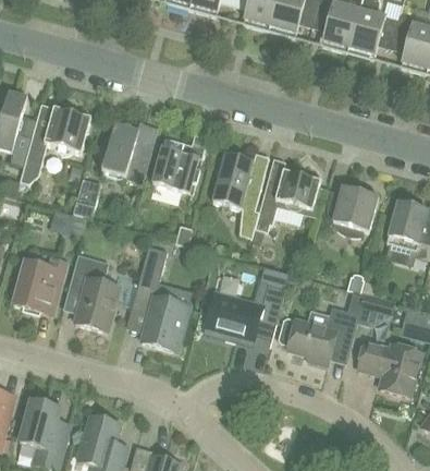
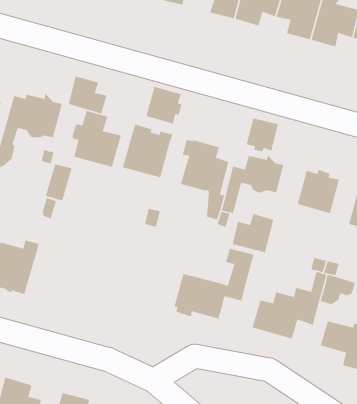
building: none -> [68,76,108,114]
building: none -> [145,86,182,124]
building: none -> [246,118,279,152]
building: none -> [232,213,274,253]
building: [132,244,189,350] -> none
building: [70,253,119,330] -> none

